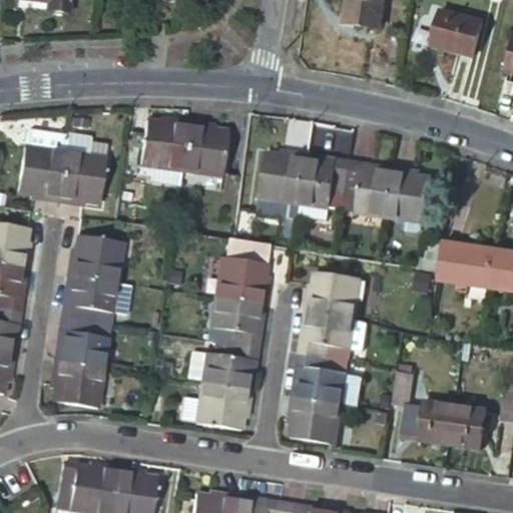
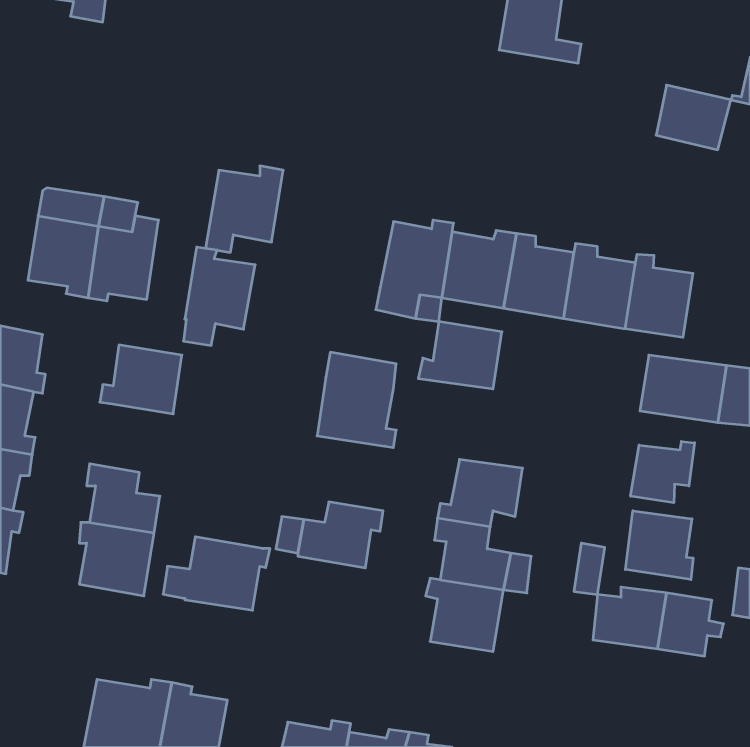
building: [429,11,480,55] -> [656,85,731,150]
building: [184,116,233,183] -> [183,247,255,345]
building: none -> [625,254,693,337]
building: [306,274,363,320] -> [418,321,502,389]
building: [61,276,118,323] -> none
building: [211,298,263,349] -> none
building: none -> [631,441,695,503]
building: none -> [625,511,693,580]
building: [181,380,254,430] -> [163,537,270,610]

